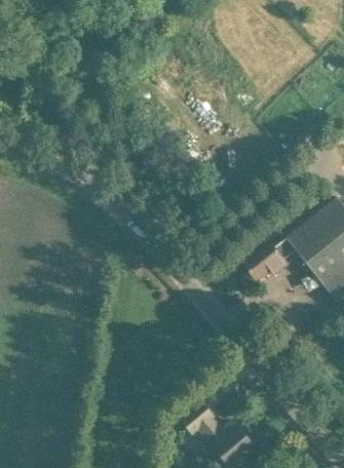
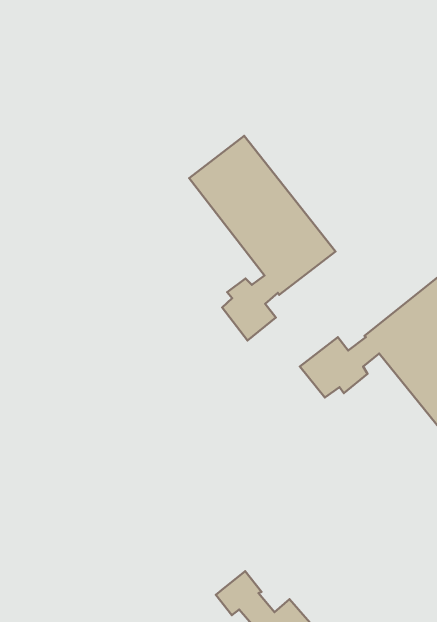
building: none -> [189,136,335,340]

